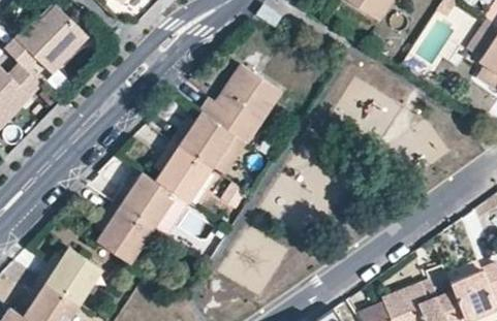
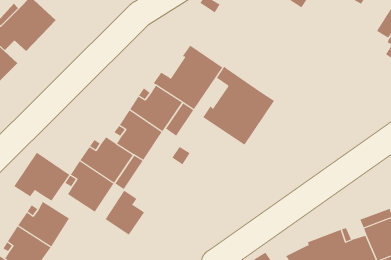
building: none -> [203,66,275,146]
building: none -> [14,152,70,201]
building: none -> [105,190,145,236]

